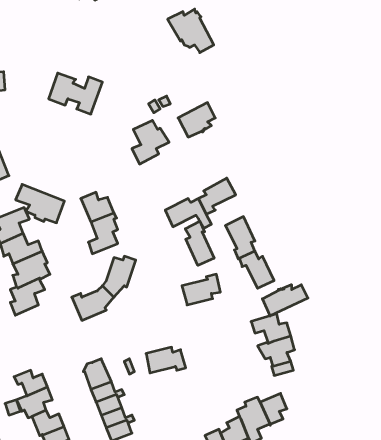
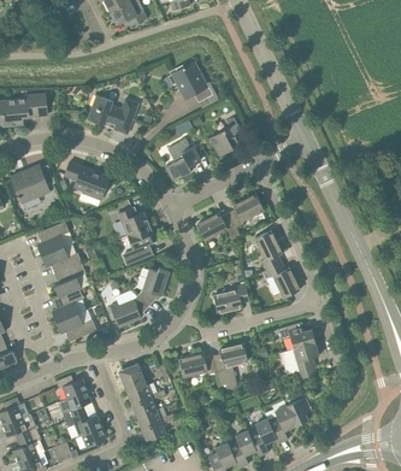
building: [168,9,214,53] -> [167,61,211,102]
building: [16,184,64,223] -> [63,161,108,198]
building: [185,221,214,265] -> none
building: [262,285,308,316] -> none
building: none -> [55,310,95,341]
building: none -> [211,343,247,390]

